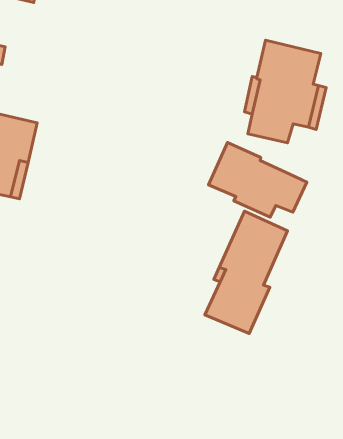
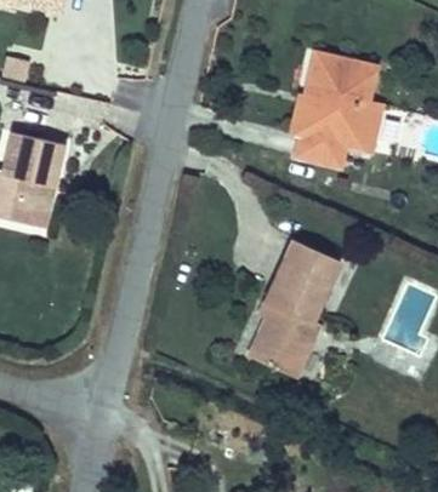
building: [209,142,307,217] -> none

